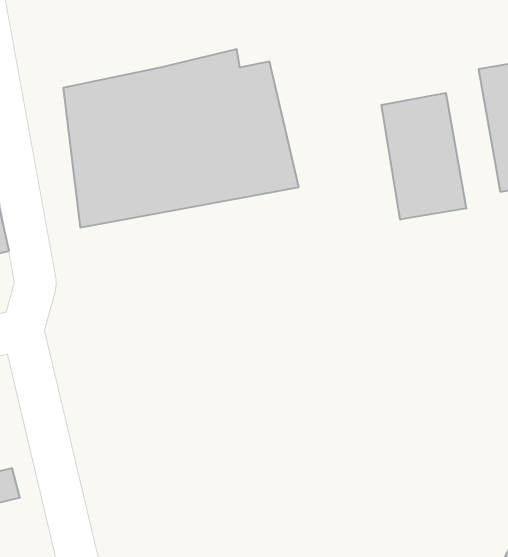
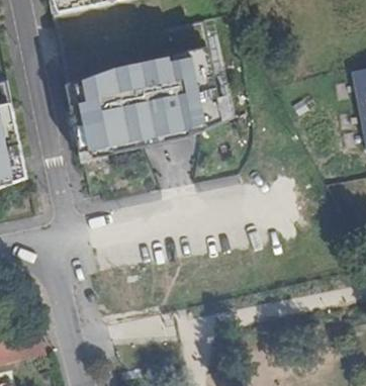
building: [381,93,466,220] -> none

